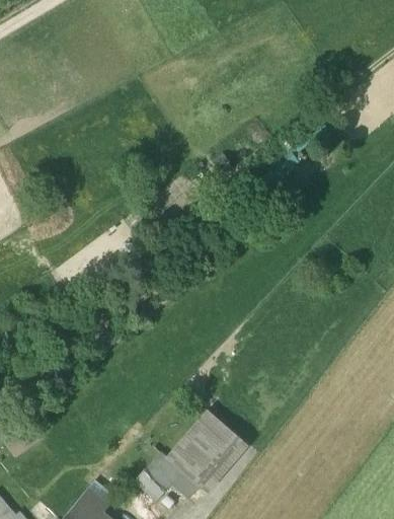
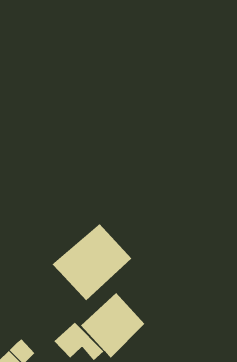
building: none -> [52,223,132,301]

